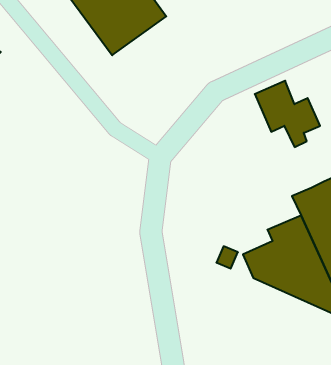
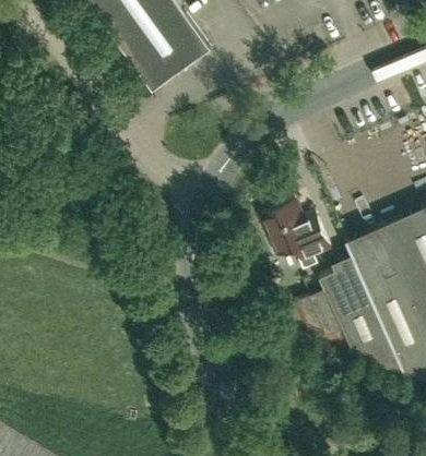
building: [255,81,320,147] -> [259,201,329,272]

